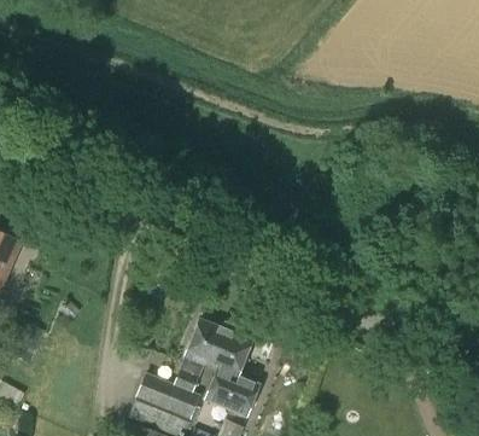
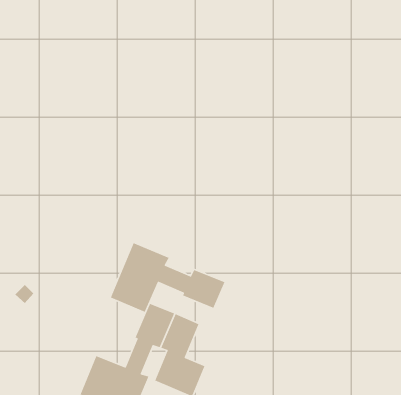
building: none -> [110,242,225,313]

